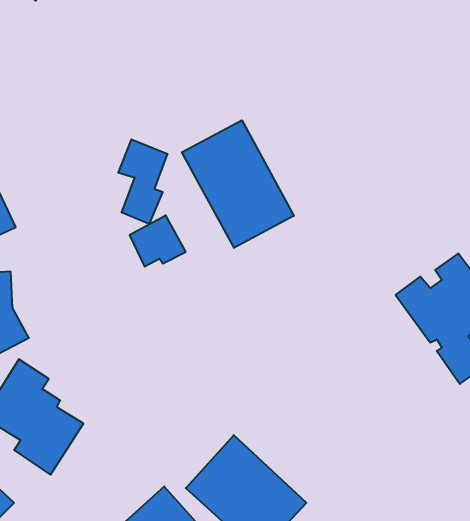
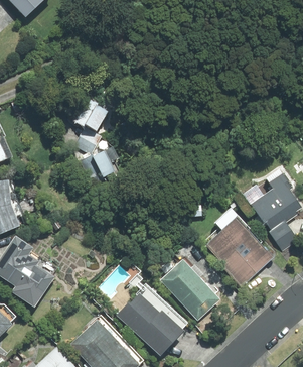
building: [182,120,294,248] -> none
building: none -> [205,207,273,287]
building: none -> [159,258,220,321]

